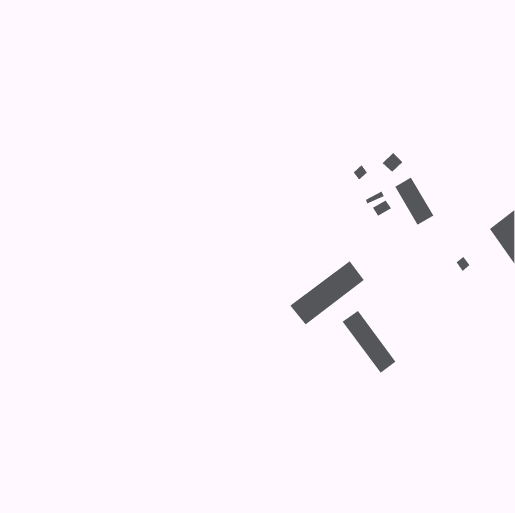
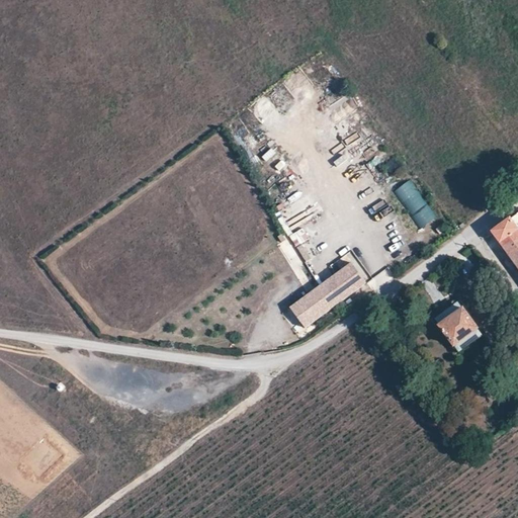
building: none -> [434,300,483,351]
building: [341,310,396,374] -> none

